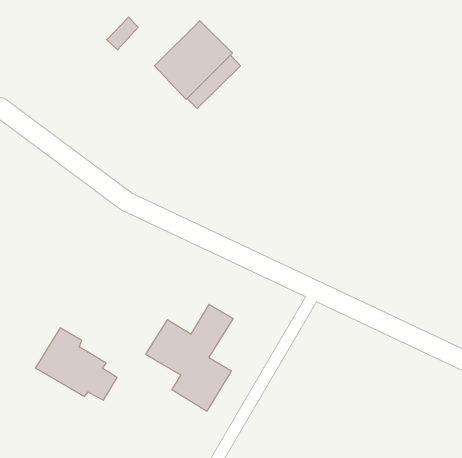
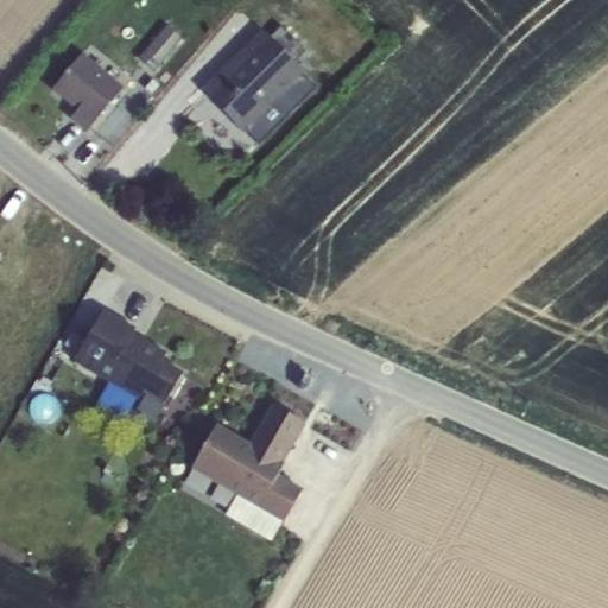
building: none -> [52,51,122,128]
building: [36,328,117,400] -> [75,305,182,400]

